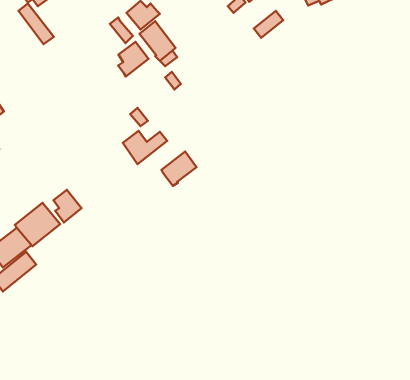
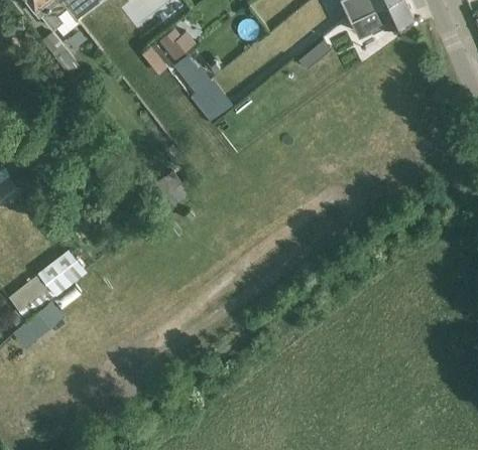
building: [118,42,149,77] -> none
building: [161,151,196,186] -> none
building: [54,190,81,223] -> none

